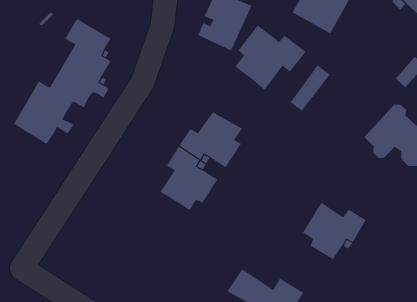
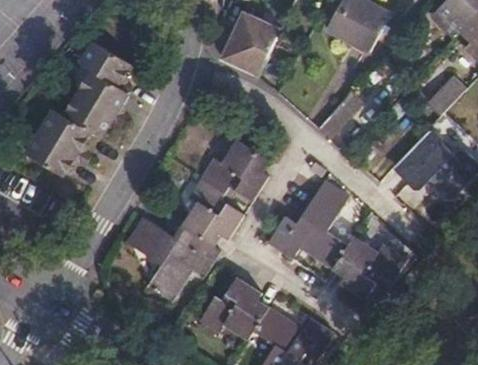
building: [235,24,307,90] -> none
building: none -> [267,179,349,268]
building: none -> [128,217,220,299]
building: none -> [199,275,269,337]

